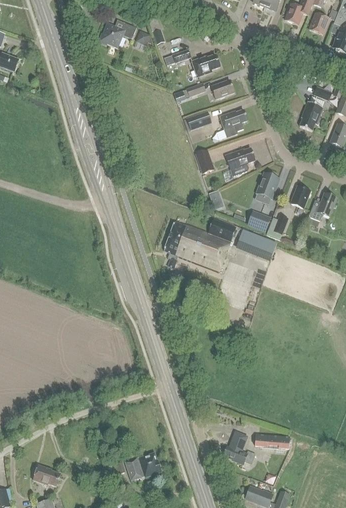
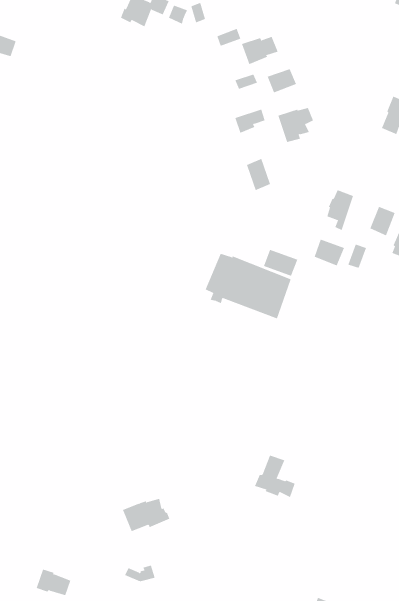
building: [225,147,255,175] -> none
building: [238,228,279,259] -> none
building: [223,431,255,464] -> [254,455,296,498]
building: [254,432,290,449] -> none
building: [125,452,162,478] -> [122,498,170,532]

